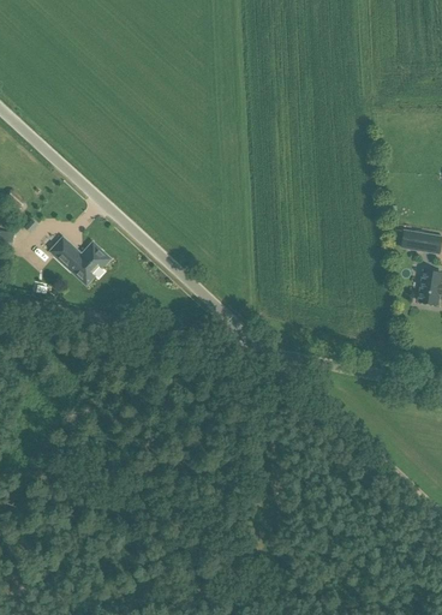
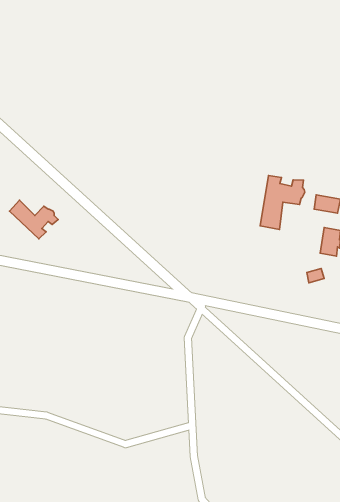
building: none -> [260,176,305,229]

